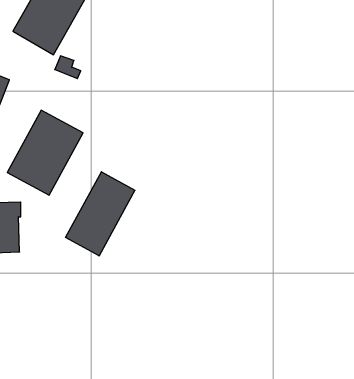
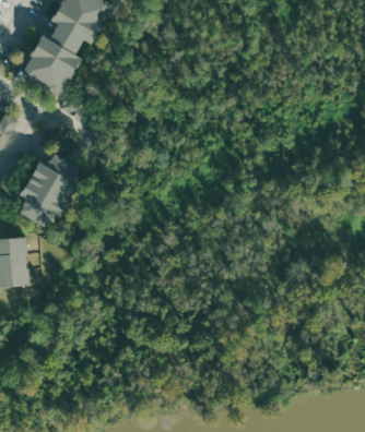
building: [66,172,135,256] -> none

